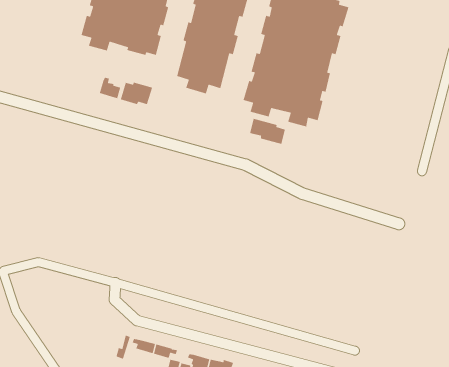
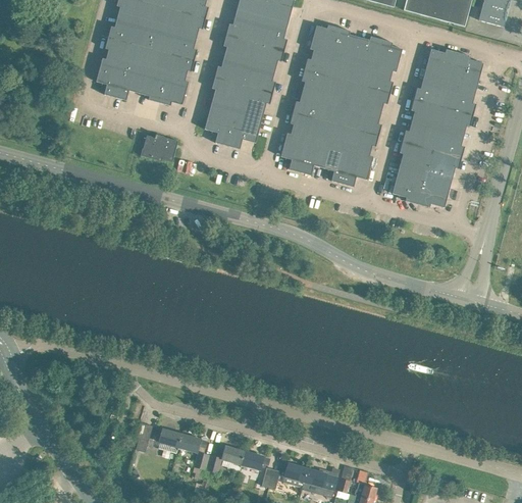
building: none -> [393,48,483,206]
building: [99,77,121,99] -> none
building: [249,118,286,145] -> none

